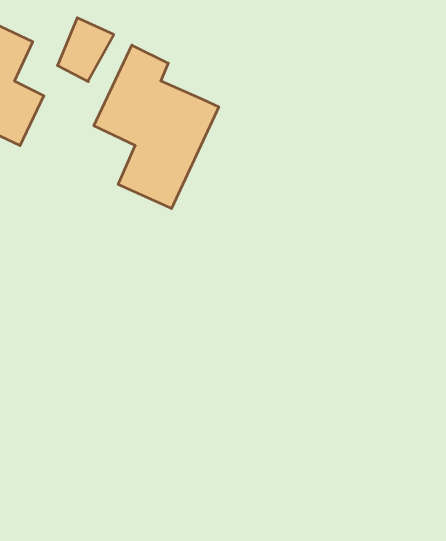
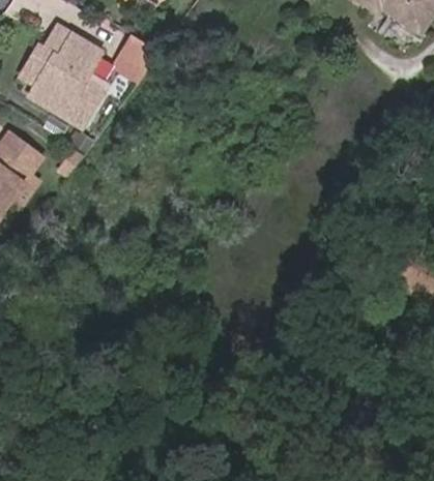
building: [94,45,219,209] -> none

